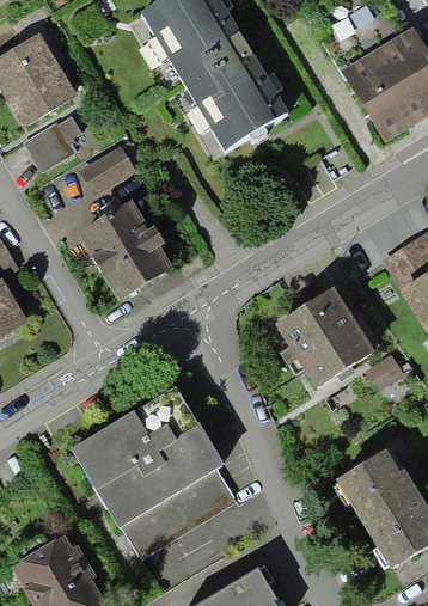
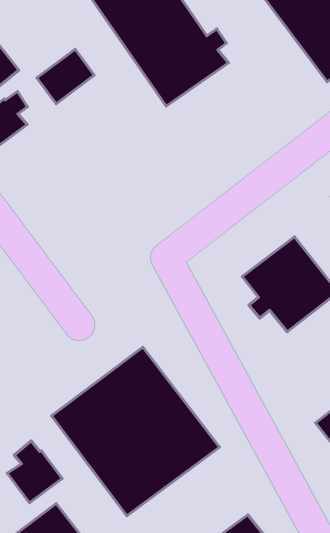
building: [84,135,142,189] -> [37,49,94,104]
building: [80,202,177,302] -> none
building: none -> [7,441,62,503]

